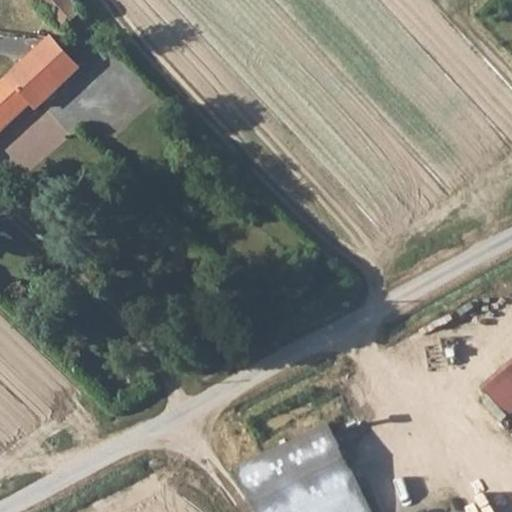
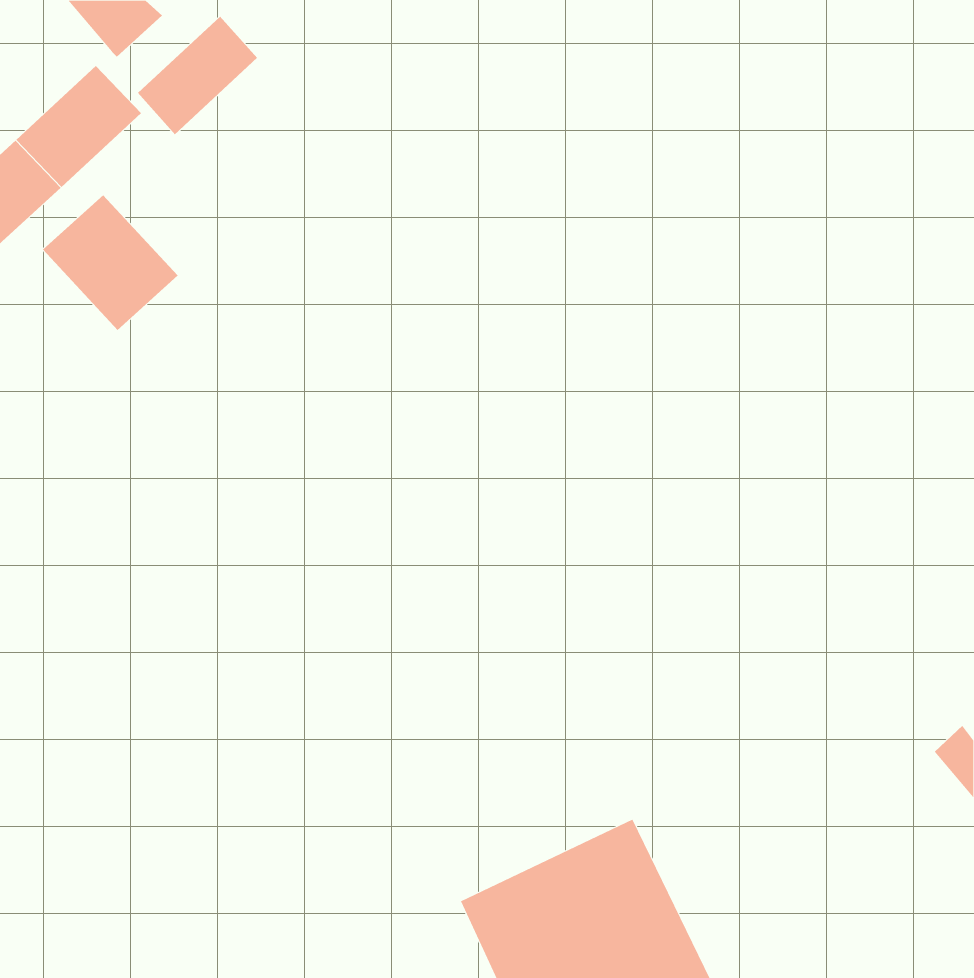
building: none -> [137,16,258,135]
building: none -> [42,194,178,331]

